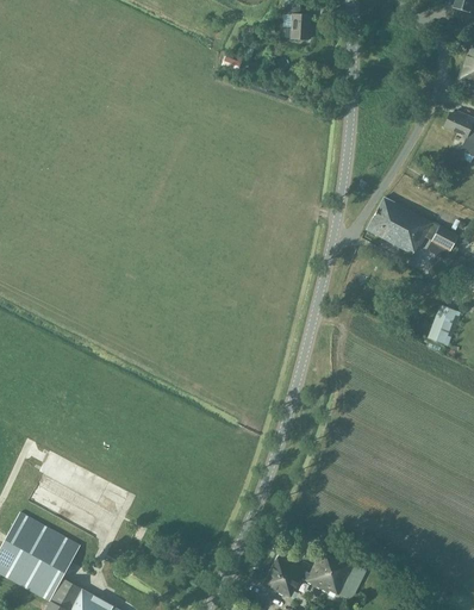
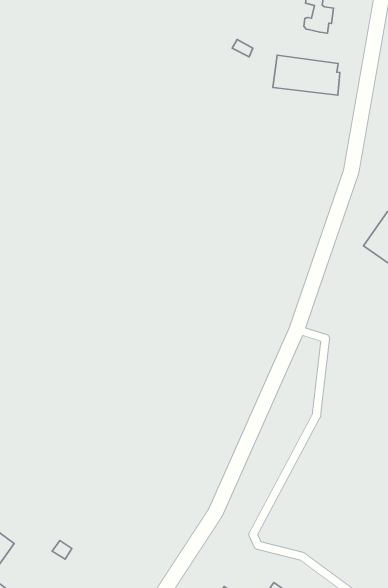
building: none -> [273,55,340,95]

